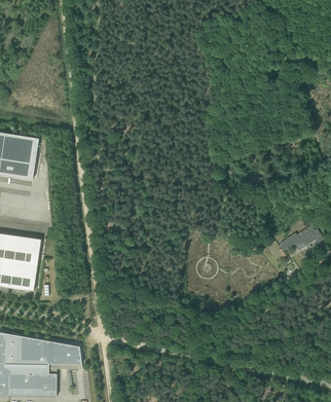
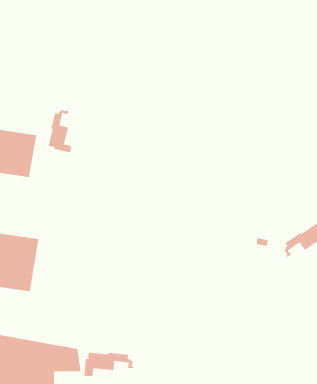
building: none -> [48,109,72,153]
building: none -> [84,352,134,377]

